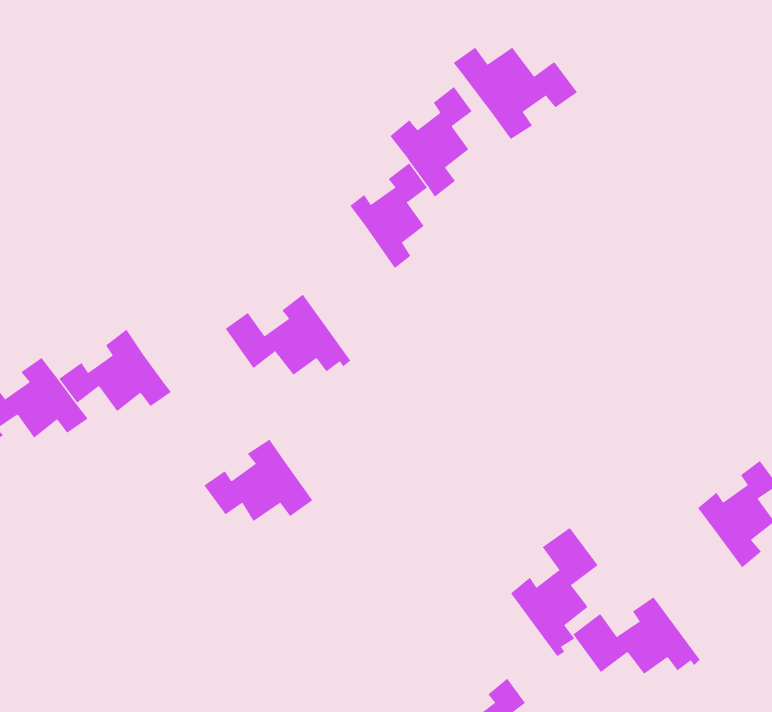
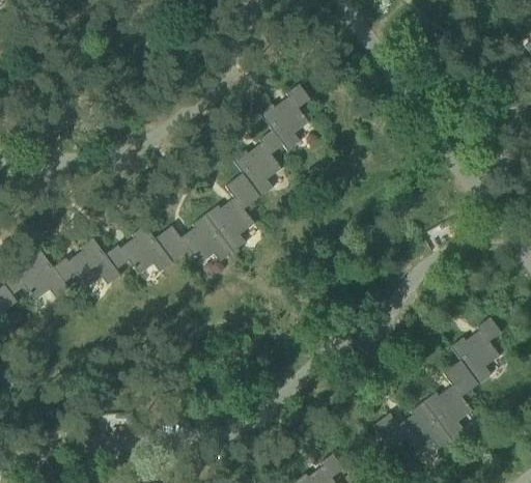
building: [453,47,578,140] -> none
building: none -> [204,171,261,255]
building: [203,439,313,522] -> [105,222,173,274]
building: [510,527,598,657] -> [423,361,478,442]

